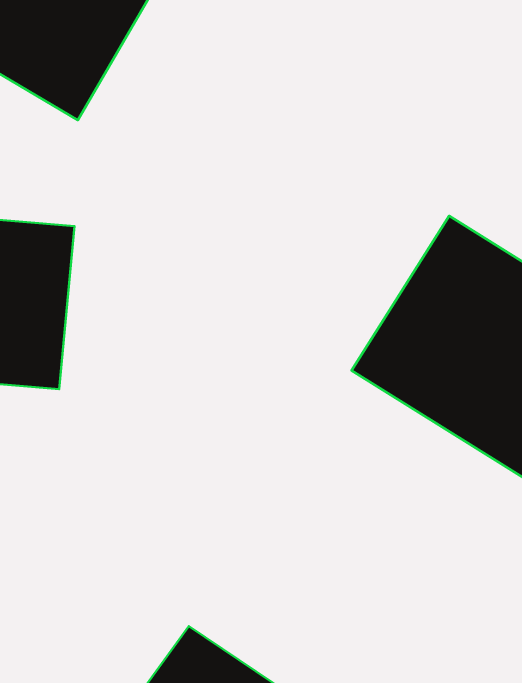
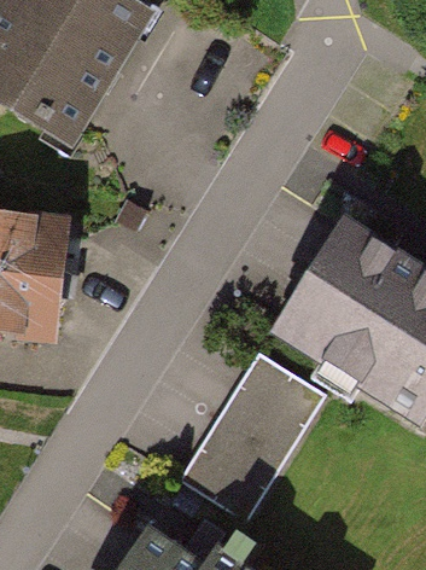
building: none -> [188,349,343,524]

